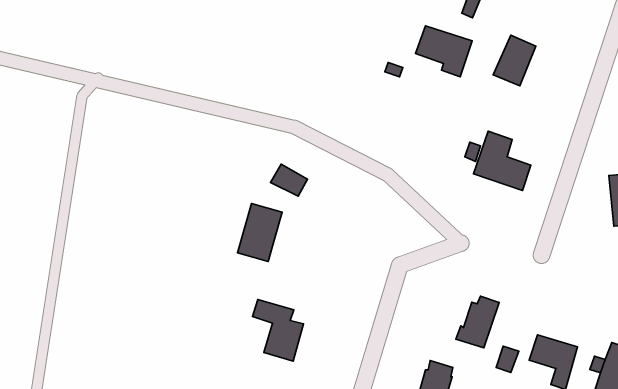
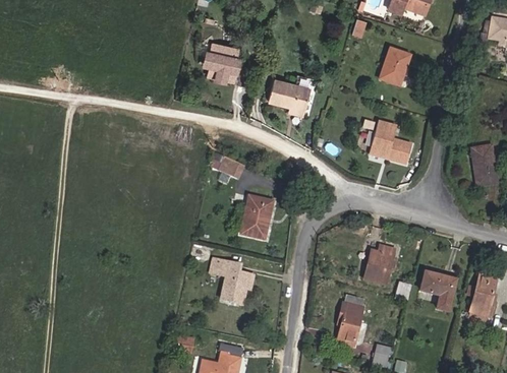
building: none -> [205,38,244,76]
building: [416,26,472,77] -> [269,79,311,116]
building: [237,204,282,261] -> [241,196,273,239]

